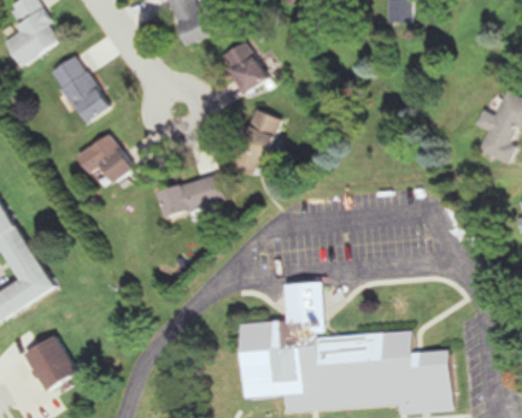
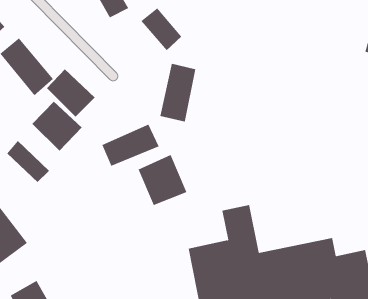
building: none -> [46,69,96,117]
building: none -> [7,140,50,183]
building: none -> [138,154,187,206]

